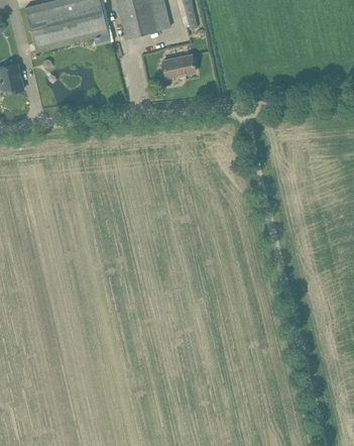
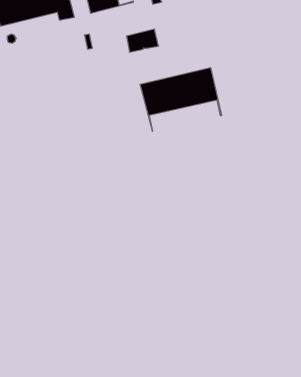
building: none -> [140,68,222,131]

